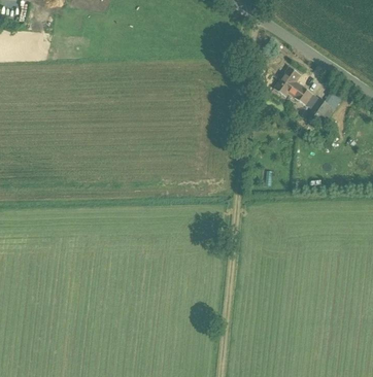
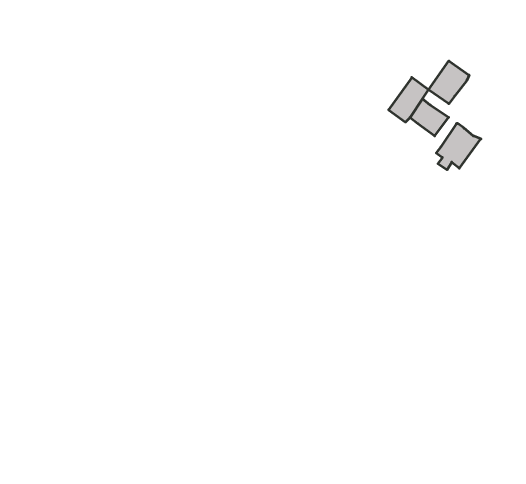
building: none -> [429,61,469,104]

